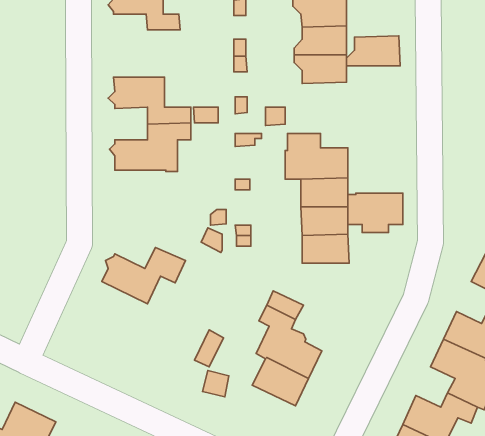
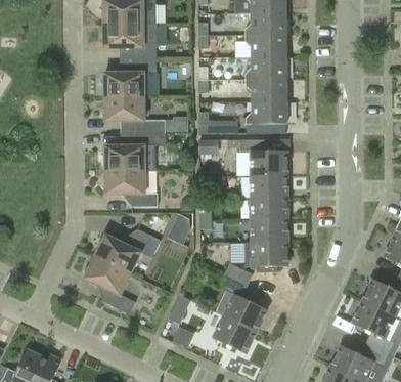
building: none -> [100,59,157,96]
building: [347,36,400,66] -> [246,100,287,124]
building: none -> [101,169,158,206]
building: [348,193,403,233] -> [246,242,288,272]
building: none -> [85,256,132,311]

